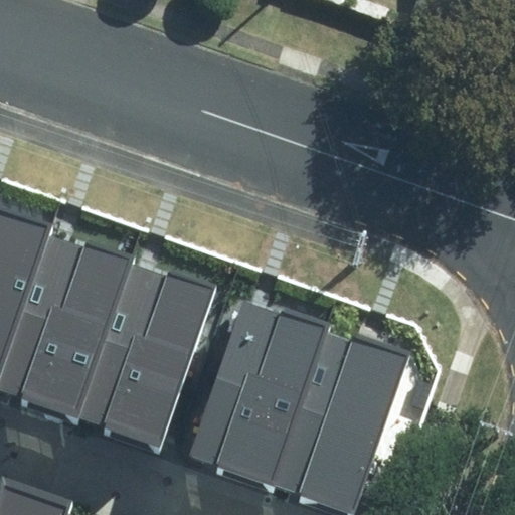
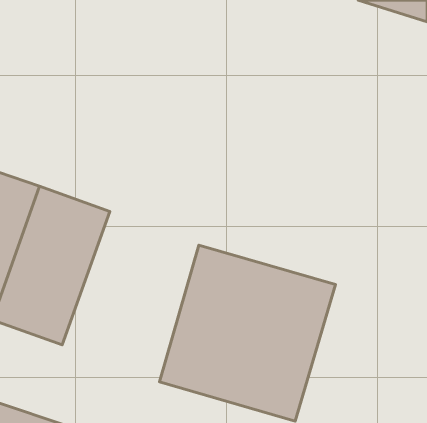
building: [74,261,215,451] -> none

